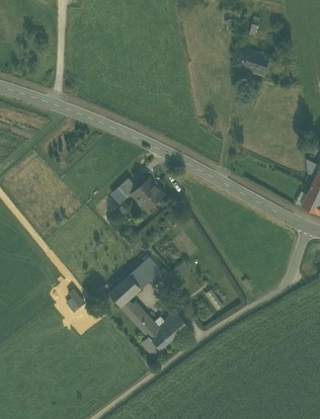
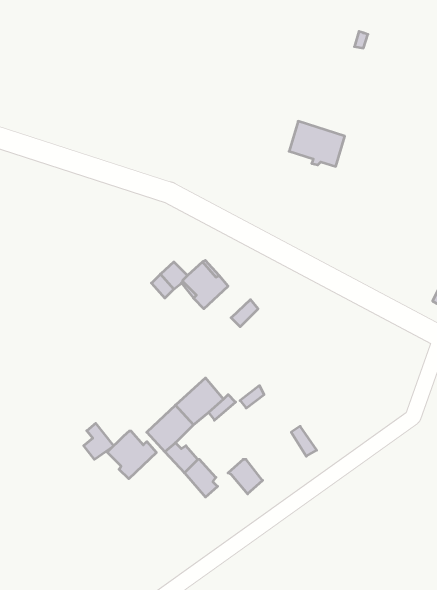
building: [231,46,268,76] -> [289,121,345,166]
building: none -> [107,431,156,479]
building: [148,322,176,349] -> none

